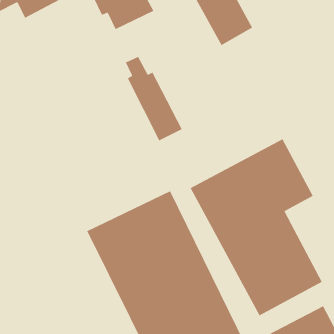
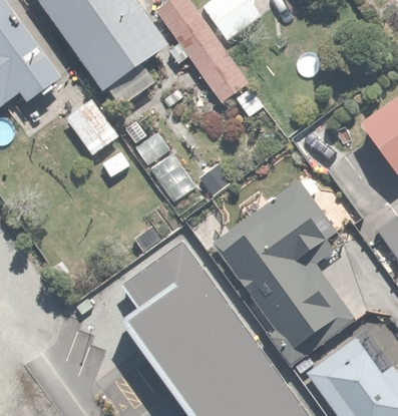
building: none -> [65,99,117,153]

